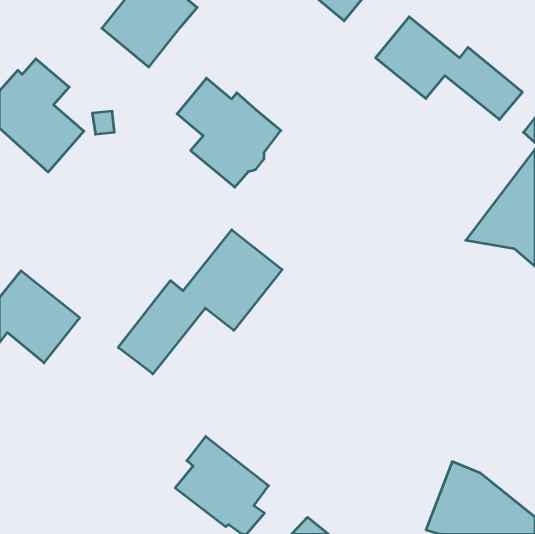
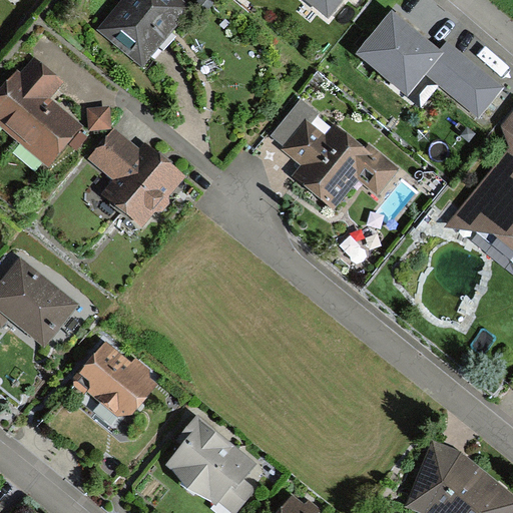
building: [177,78,281,187] -> [87,126,186,230]
building: none -> [279,117,397,209]
building: [118,230,282,374] -> none
building: none -> [73,343,163,417]

